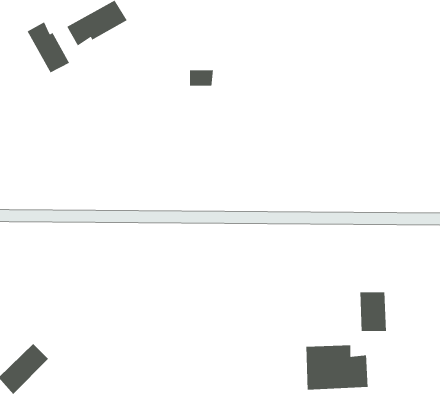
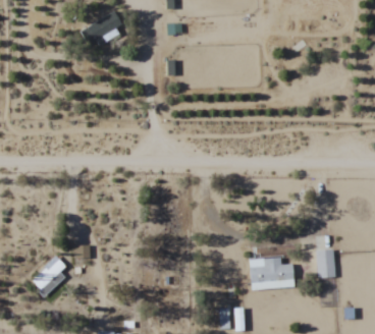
building: [26,21,70,74] -> none
building: [359,292,387,332] -> [316,249,335,278]

